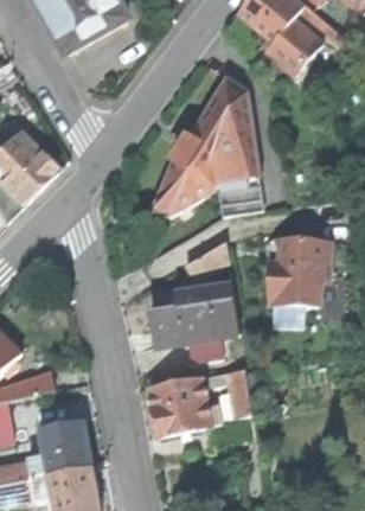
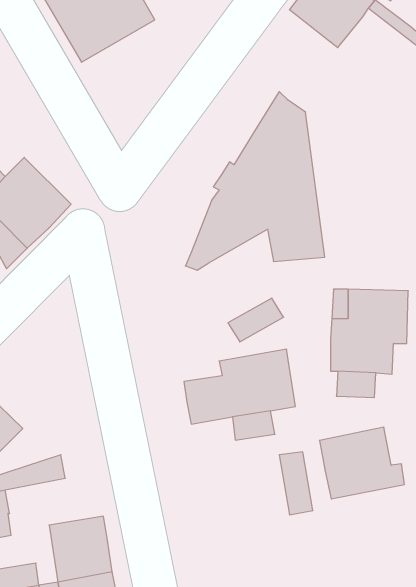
building: [260,17,322,75] -> none
building: [149,376,218,434] -> [319,427,404,499]

